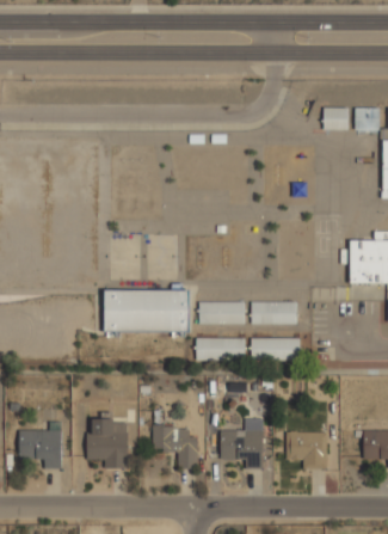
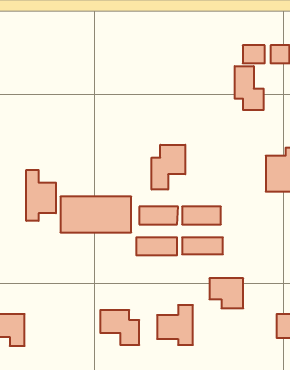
building: none -> [235,66,264,110]
building: none -> [152,145,185,190]
building: none -> [26,170,56,221]
building: [88,419,129,467] -> none
building: [287,431,327,467] -> [209,278,243,308]

